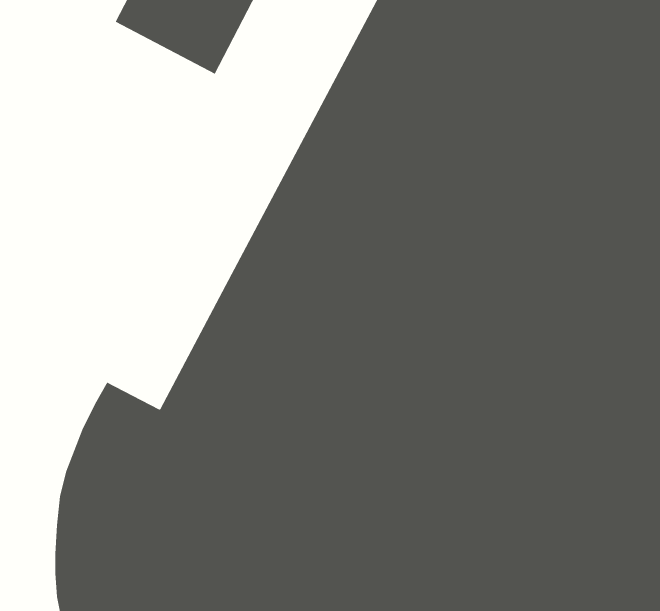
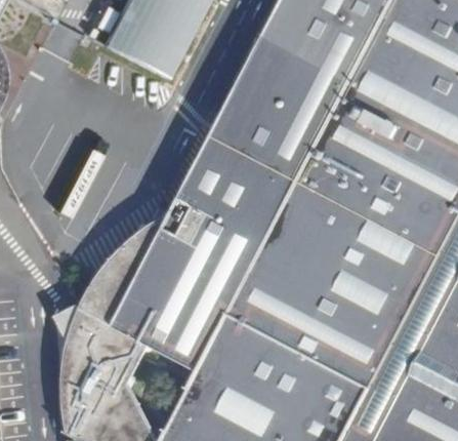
building: none -> [97,212,175,295]

